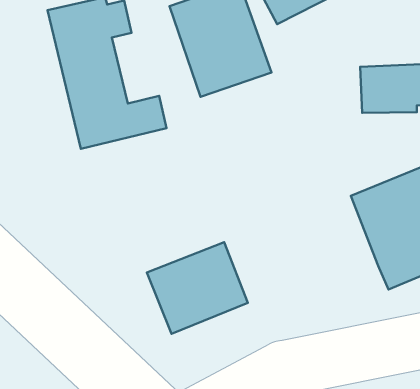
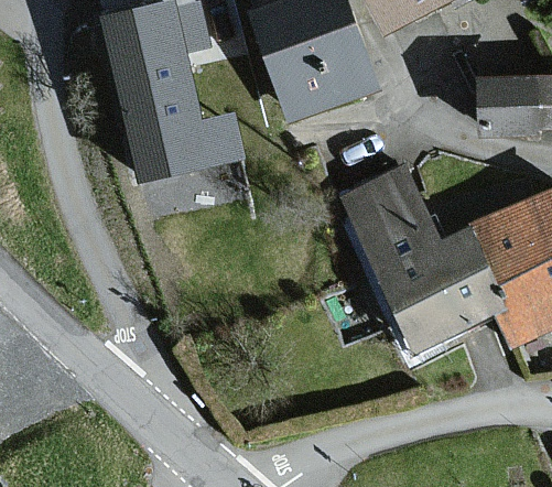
building: none -> [345,172,495,349]
building: [147,242,248,334] -> none

